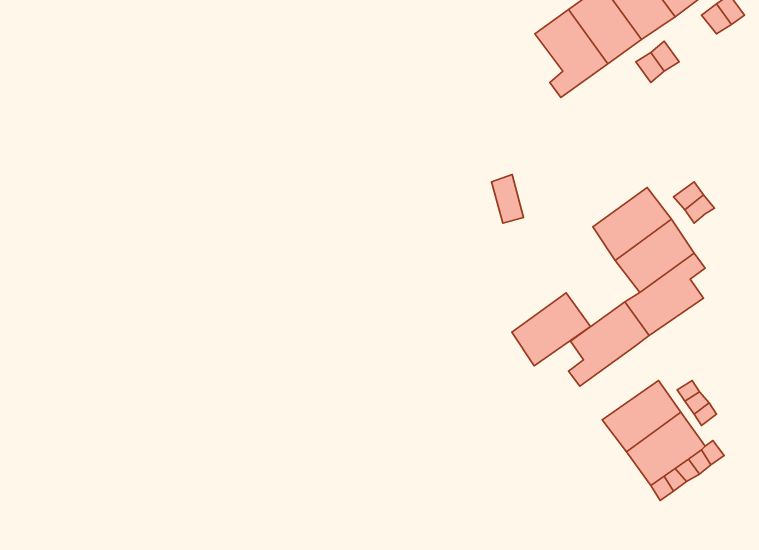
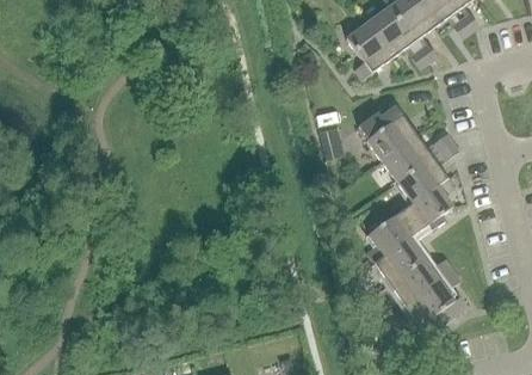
building: none -> [358,104,417,160]
building: [512,293,591,366] -> [375,236,425,283]

